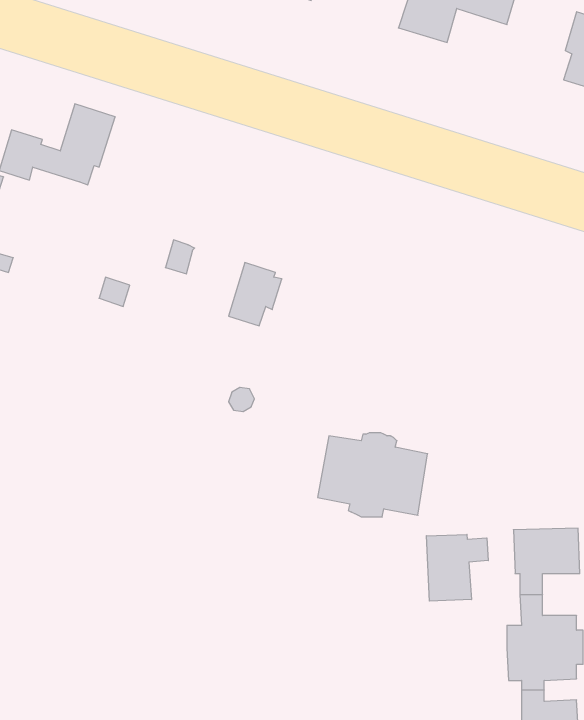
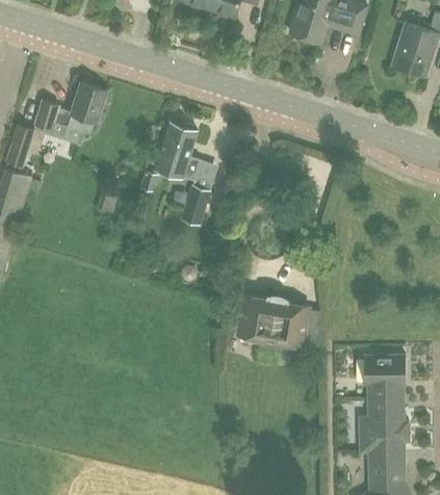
building: none -> [155,121,201,179]
building: [426,534,488,601] -> none

